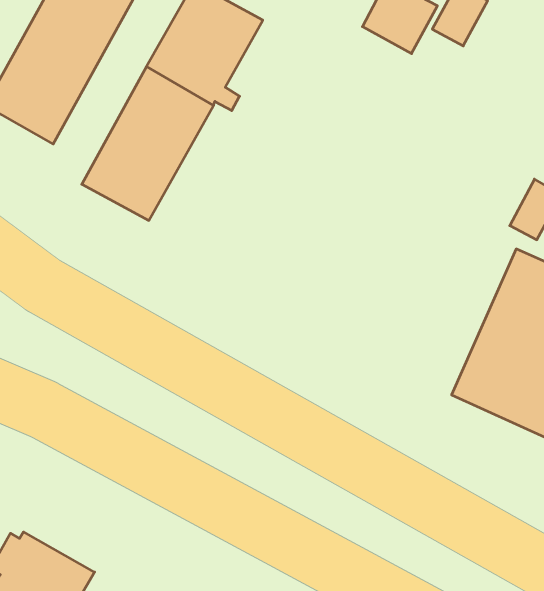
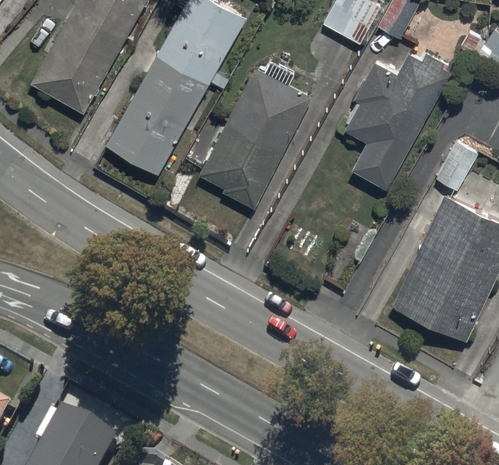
building: none -> [346,52,451,188]
building: none -> [200,61,313,210]

